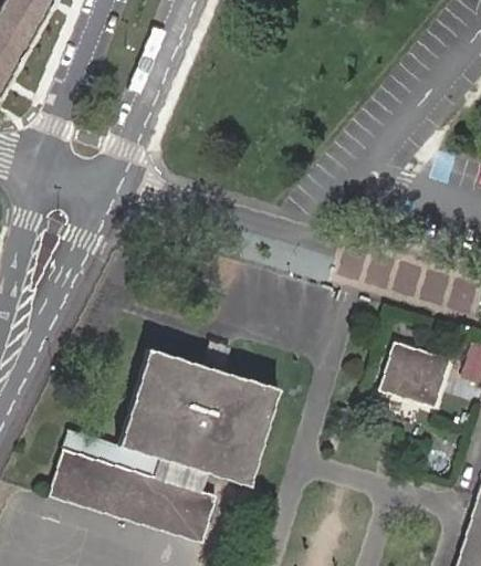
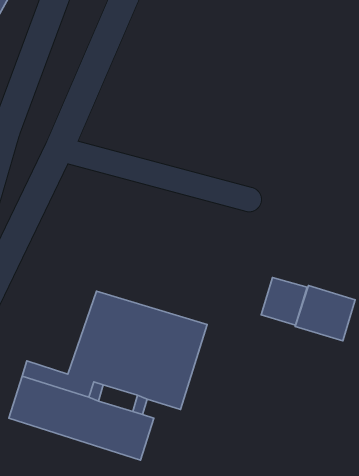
building: none -> [261,278,307,325]

